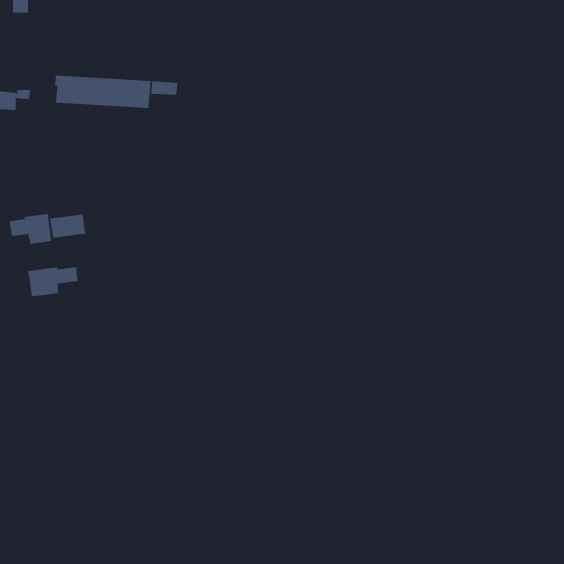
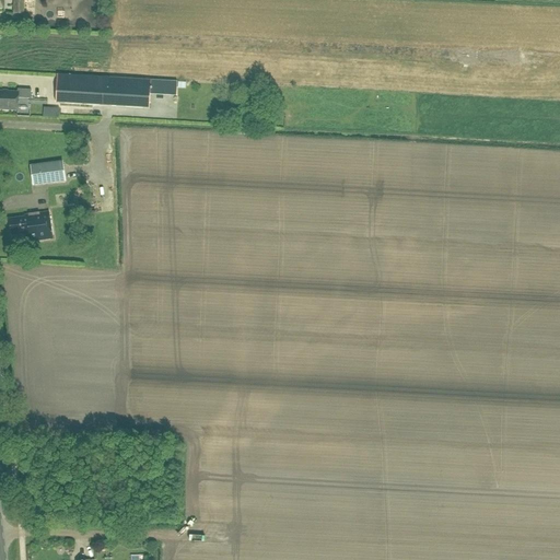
building: [49,214,86,238] -> [28,161,65,185]
building: [28,266,78,297] -> none

